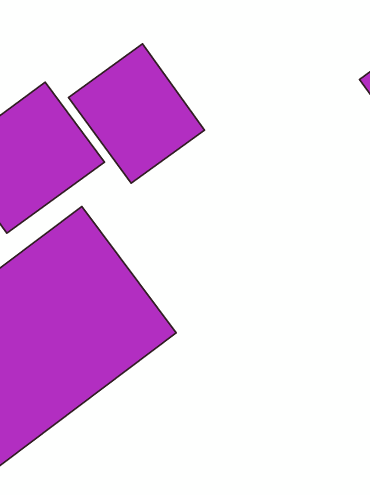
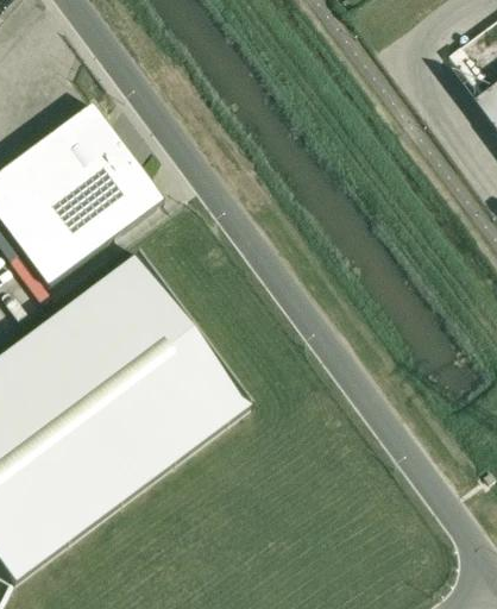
building: [69,44,205,183] -> none

